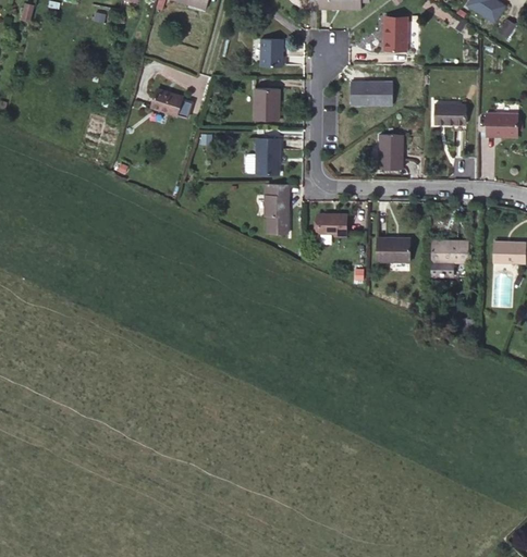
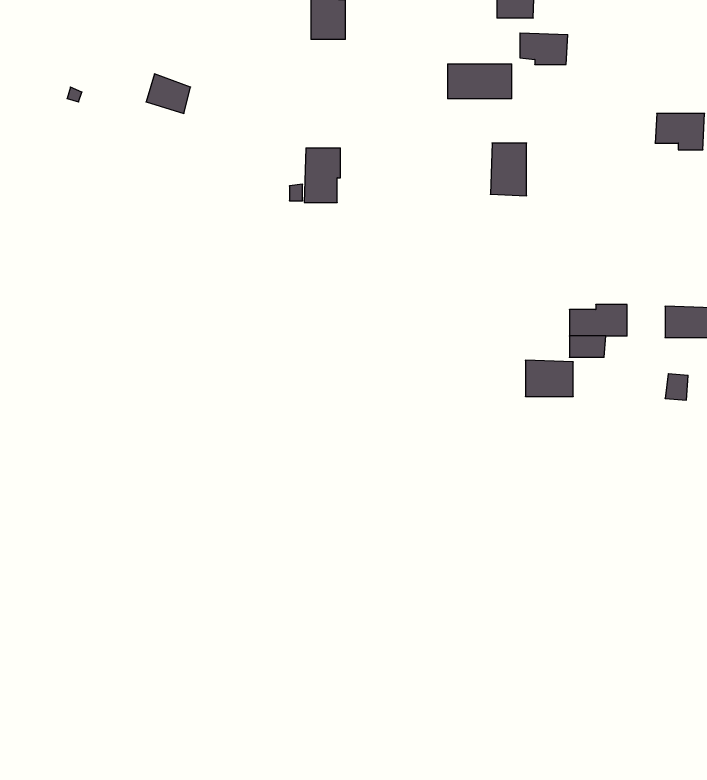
building: [254,87,280,120] -> none
building: [436,103,467,124] -> [520,33,568,64]
building: [265,184,289,233] -> none
building: [317,212,346,236] -> none
building: [378,237,409,261] -> [525,360,573,396]

